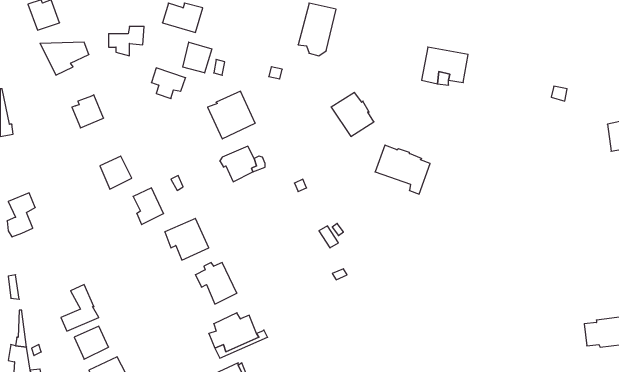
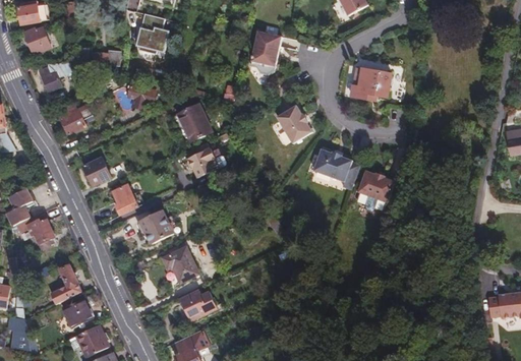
building: [183,42,212,73] -> none
building: none -> [357,170,394,200]
building: none -> [18,212,52,250]

